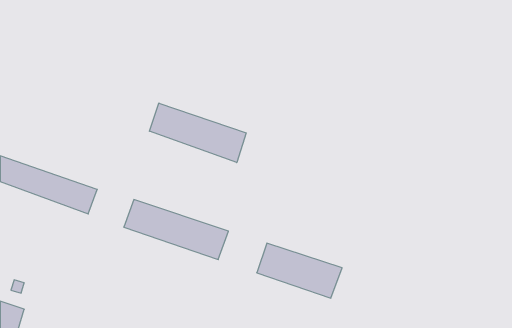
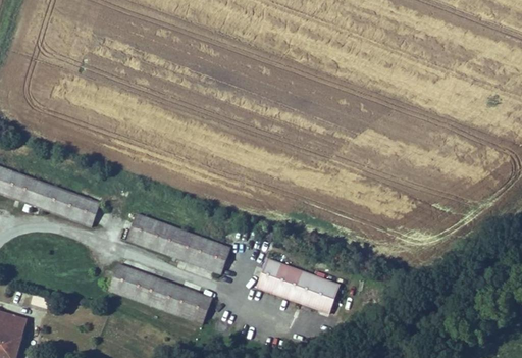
building: [149,103,246,163] -> none
building: none -> [107,263,211,321]

